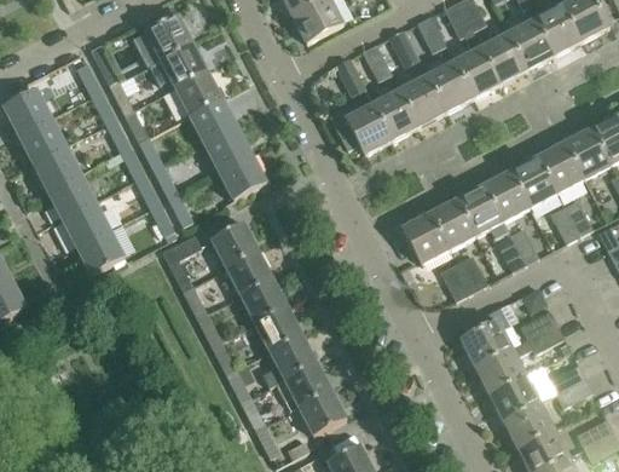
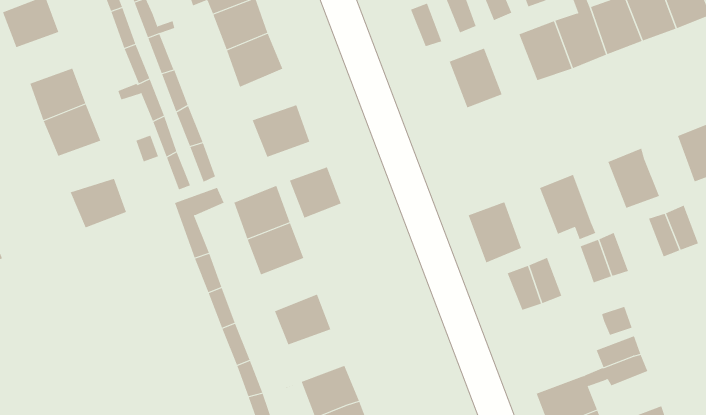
building: [400,75,446,126] -> none
building: [331,104,392,155] -> none
building: [18,117,66,162] -> none
building: [204,126,253,171] -> none
building: [538,143,584,194] -> none
building: [485,171,531,221] -> none
building: [432,198,478,249] -> none
building: none -> [289,166,341,218]
building: [63,202,111,247] -> none
building: [239,278,288,324] -> none
building: [461,306,513,367] -> none
building: [262,334,317,387] -> none

